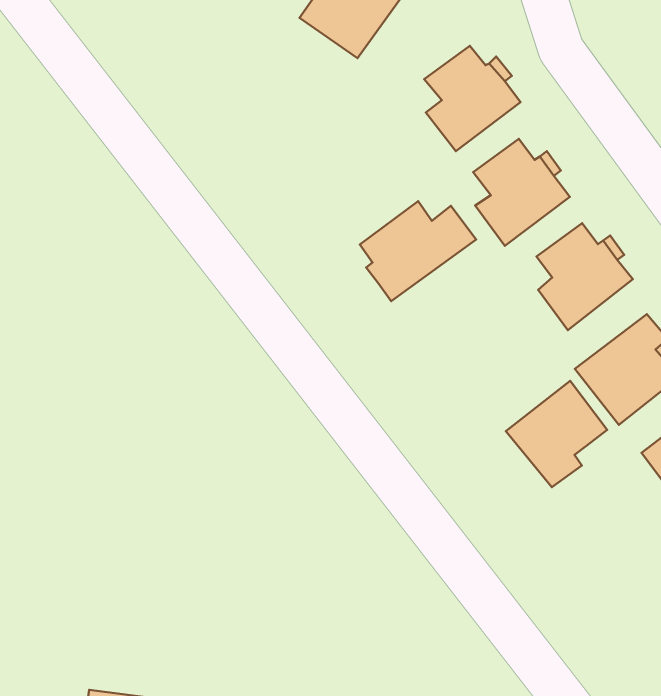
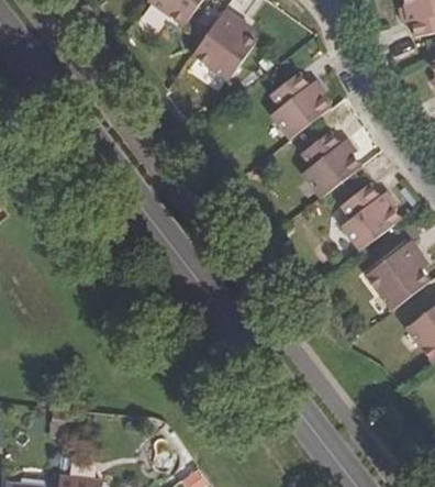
building: [360,201,476,301] -> none
building: [506,381,607,487] -> none

